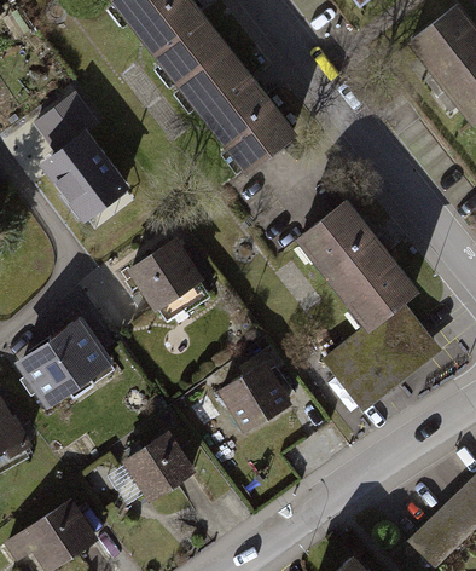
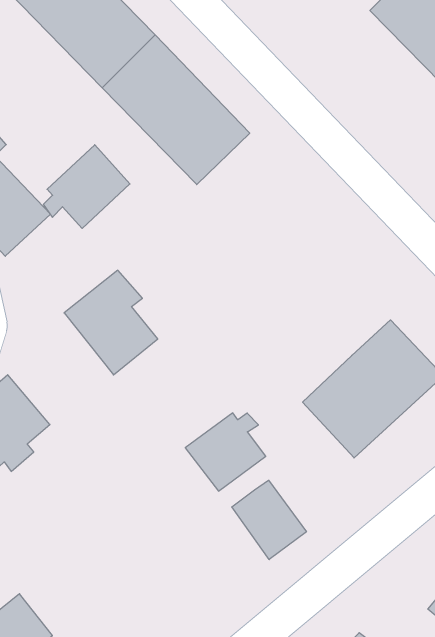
building: none -> [43,145,130,228]
building: [295,196,418,328] -> none
building: none -> [232,480,306,560]
building: [127,434,192,498] -> none

